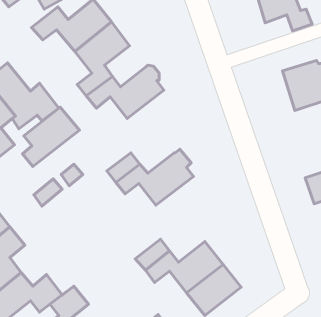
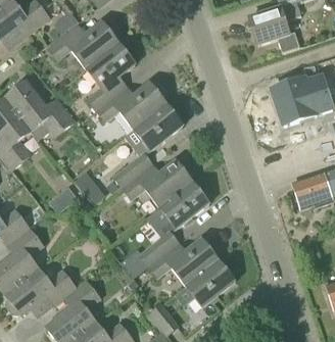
building: [23,107,80,166] -> [133,105,184,158]
building: none -> [150,183,209,237]

